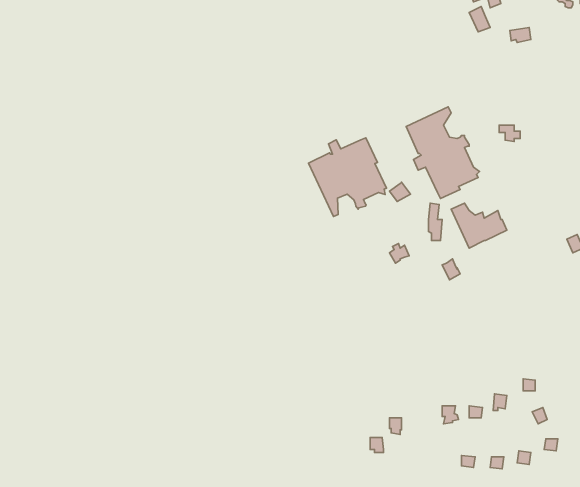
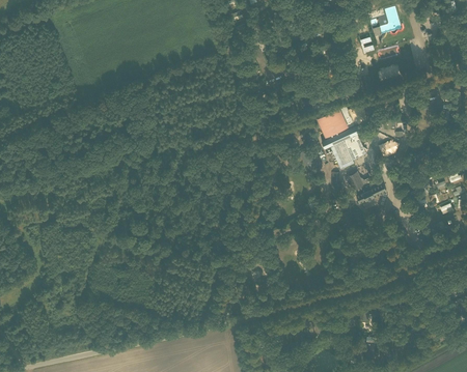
building: [309,138,386,216] -> none

